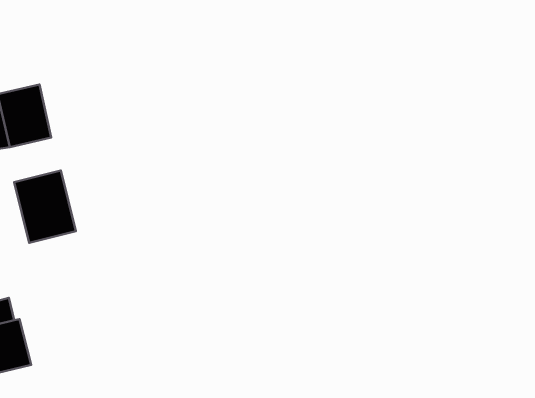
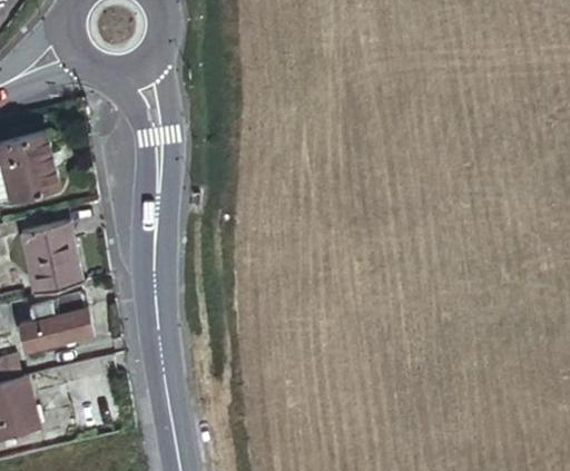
building: none -> [14,295,92,354]

